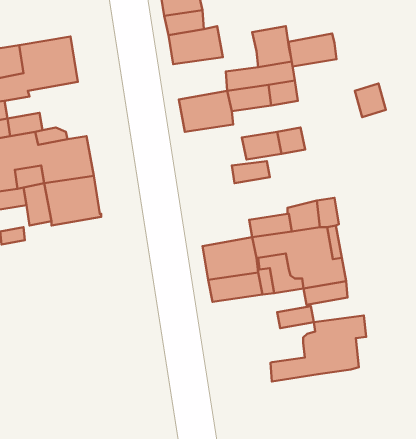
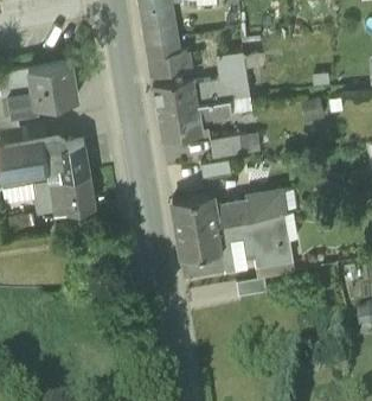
building: [289,34,337,66] -> none
building: none -> [154,74,198,108]
building: none -> [173,192,218,227]
building: [271,315,366,381] -> none

